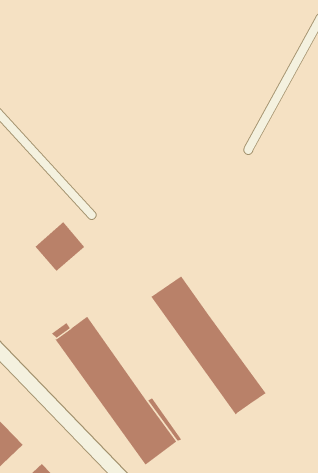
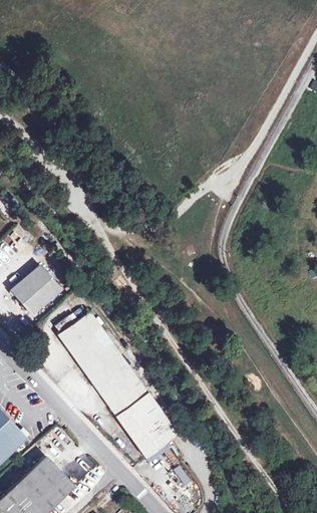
building: [35,221,85,272] -> [10,266,59,315]
building: [151,275,267,415] -> none

